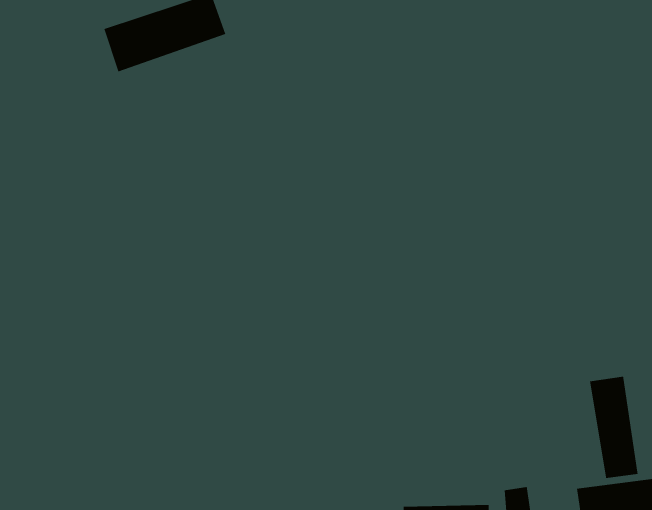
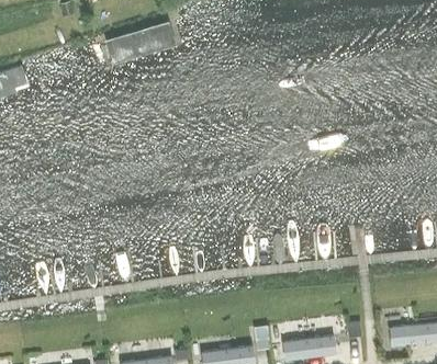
building: [589,376,638,479] -> none

